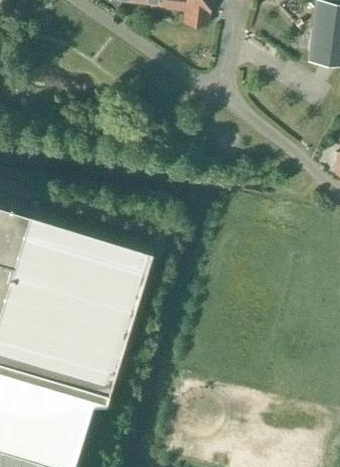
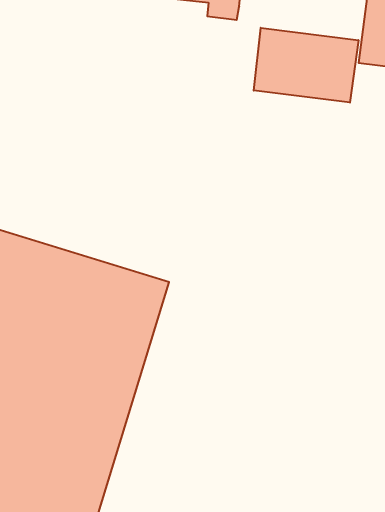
building: none -> [254,28,358,103]

